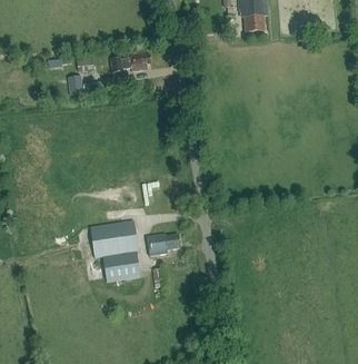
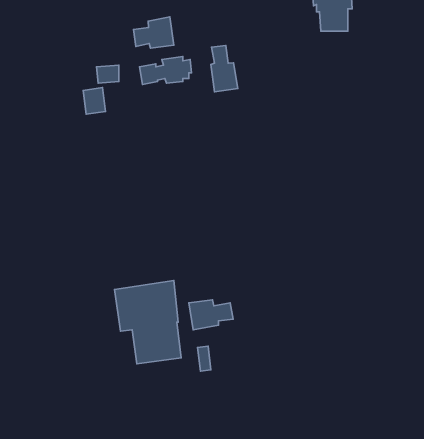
building: none -> [133,17,174,48]
building: none -> [211,45,238,92]

